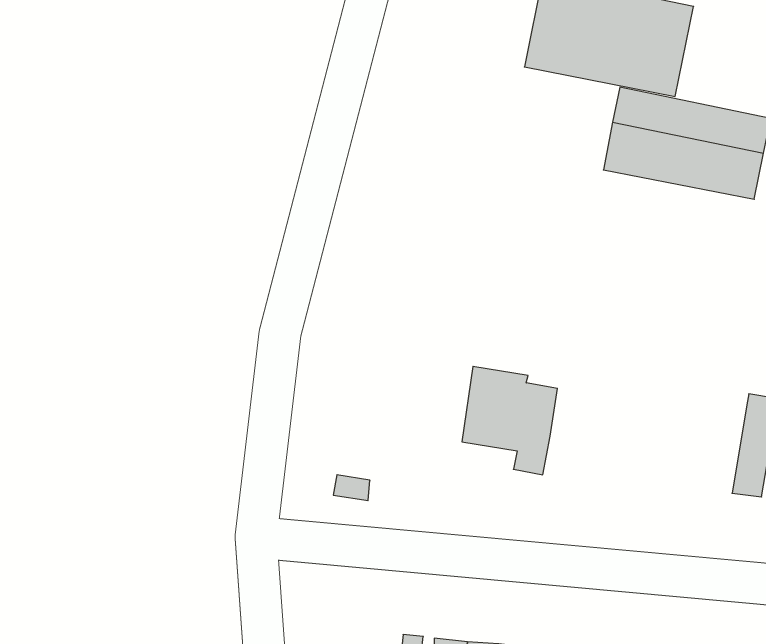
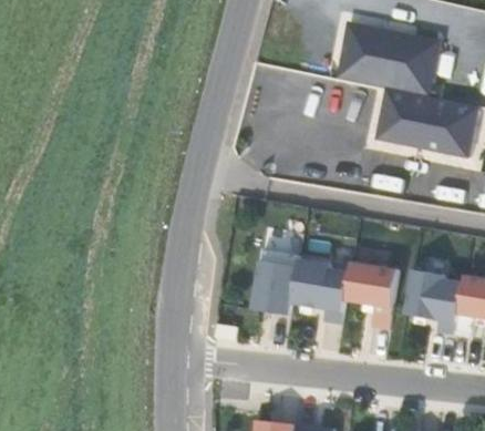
building: none -> [251,248,300,315]
building: none -> [345,261,399,328]
building: none -> [405,269,464,335]

